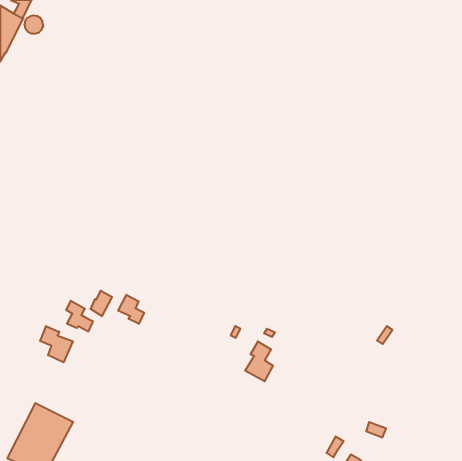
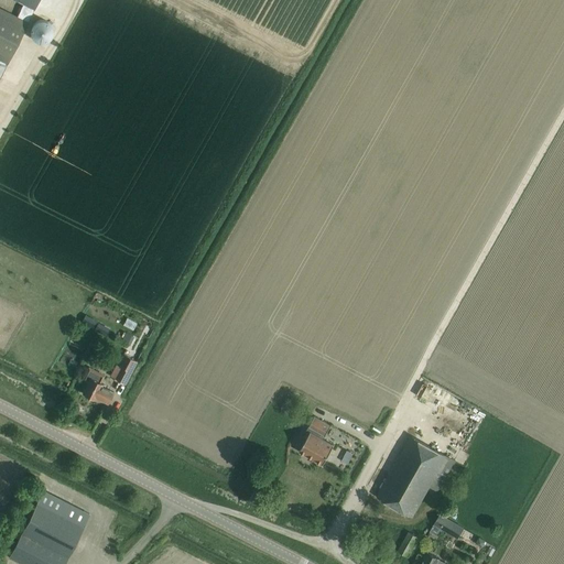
building: [118,295,144,324] -> none
building: [40,326,73,362] -> none
building: none -> [378,438,454,518]

